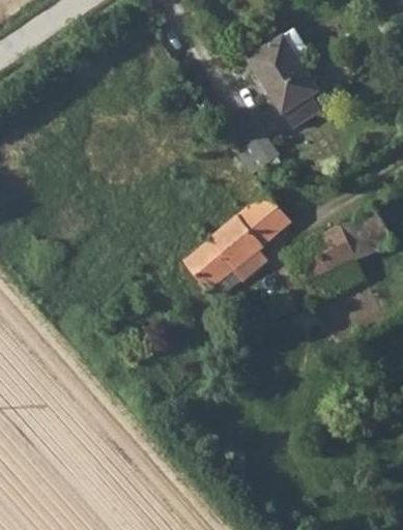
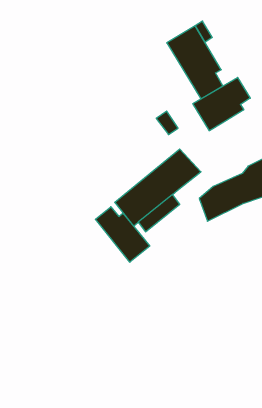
building: none -> [193,77,250,131]
building: none -> [95,207,150,262]

